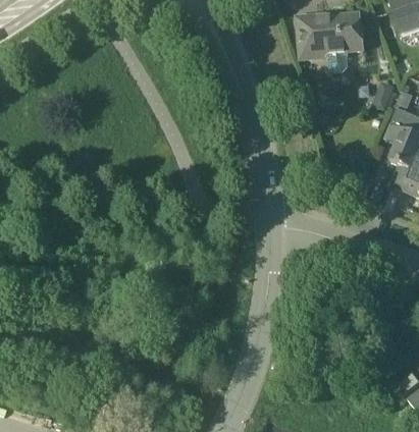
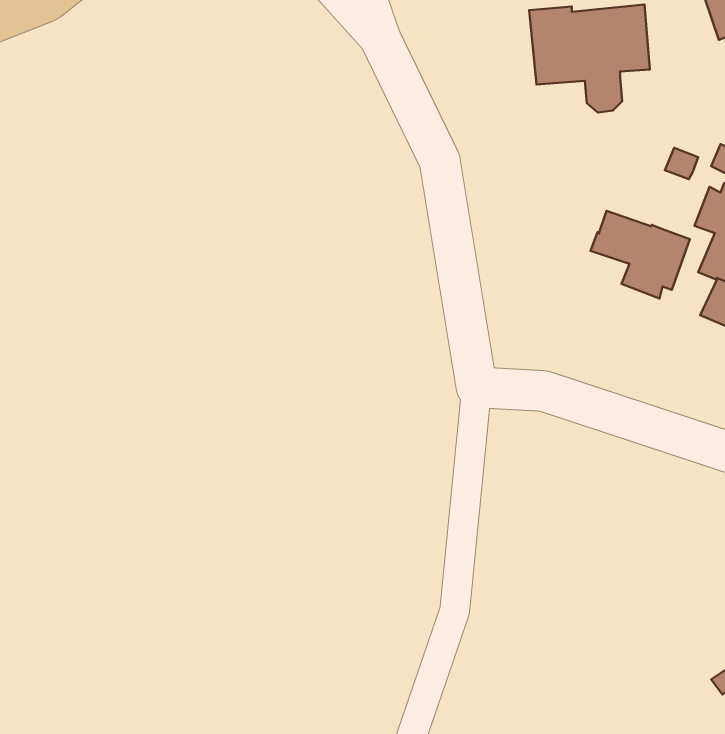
building: none -> [591,211,690,298]

